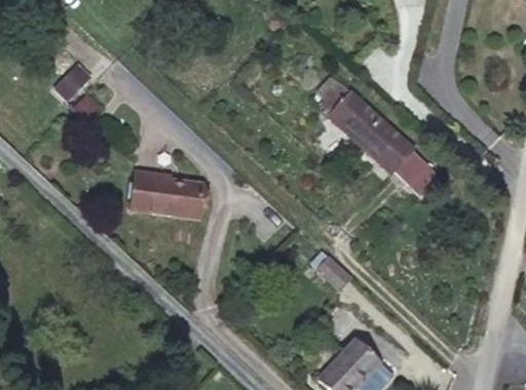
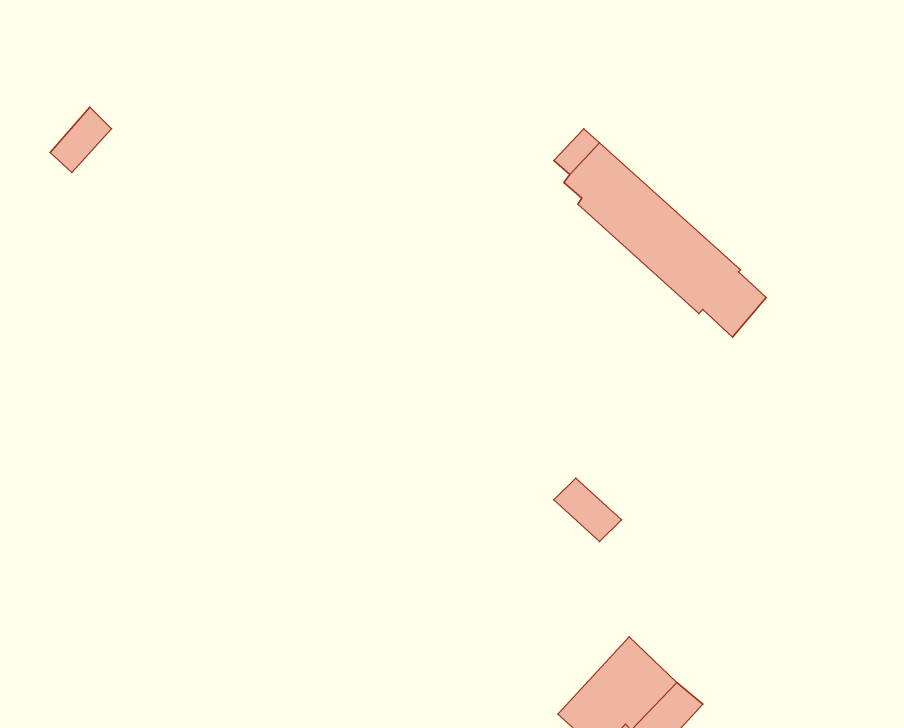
building: [130,169,203,217] -> none

